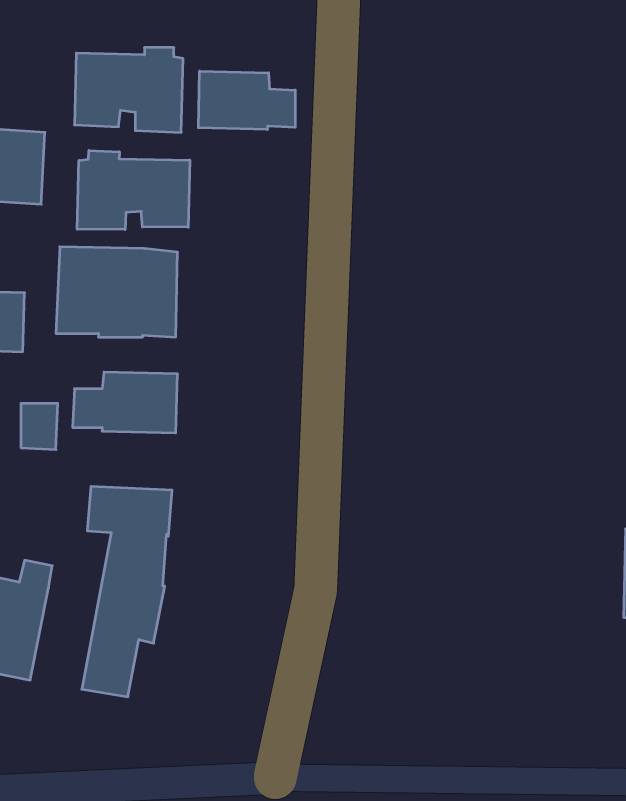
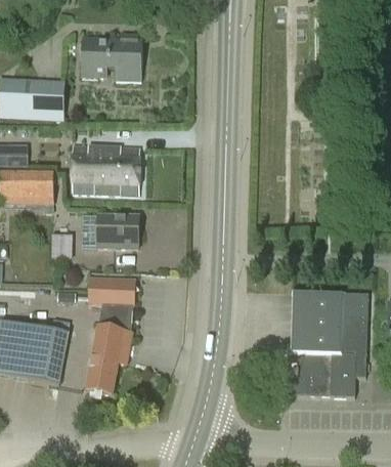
building: [198,71,295,130] -> none
building: [77,150,190,230] -> none
building: none -> [289,292,368,397]

